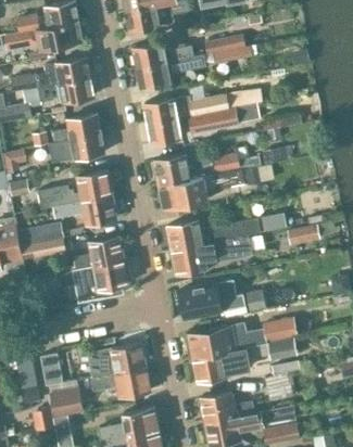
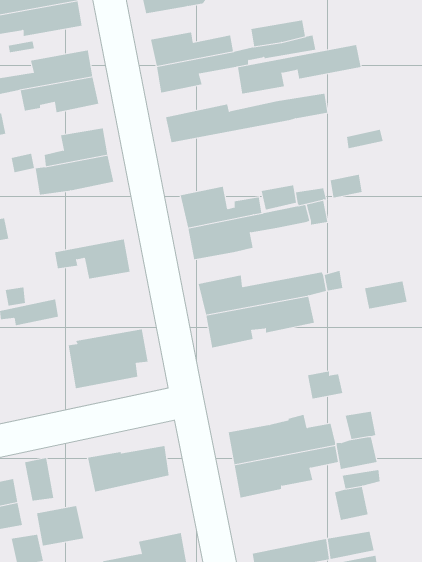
building: [147,108,237,144] -> [237,45,361,94]
building: [37,170,113,208] -> none
building: [75,235,126,268] -> none
building: [179,281,244,318] -> none
building: [89,366,150,396] -> none
building: [200,394,253,422] -> none

